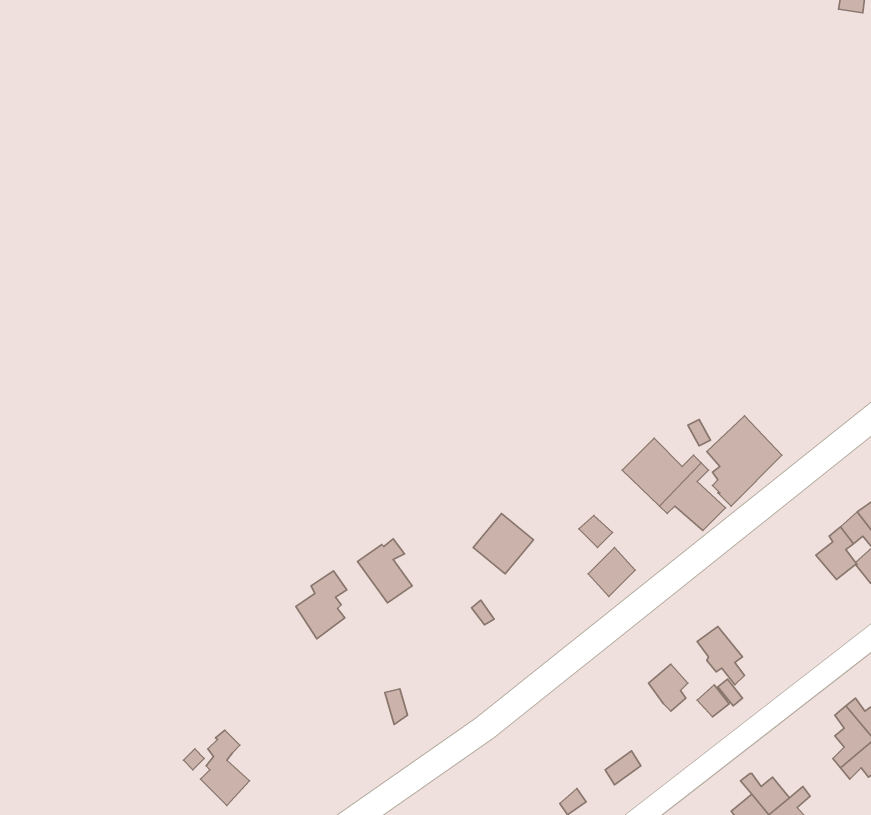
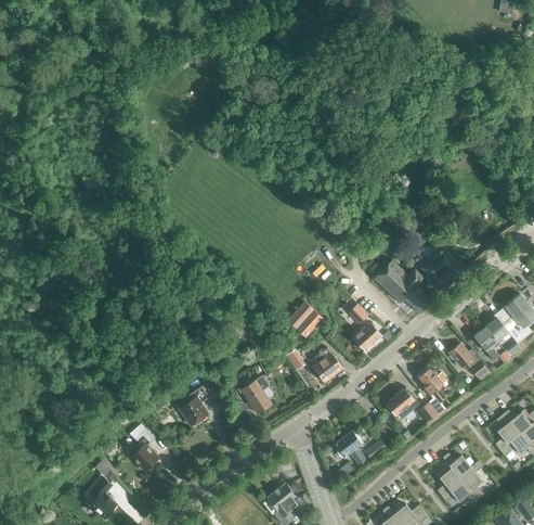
building: [358,539,412,603] -> [239,375,271,412]
building: none -> [473,326,499,360]
building: [296,571,347,639] -> [180,386,209,425]
building: none -> [450,343,489,379]
building: none -> [312,347,343,382]
building: none -> [334,431,364,463]

